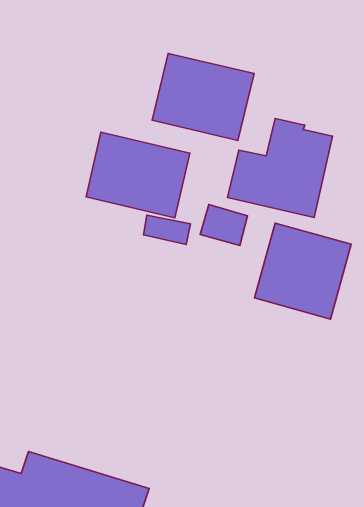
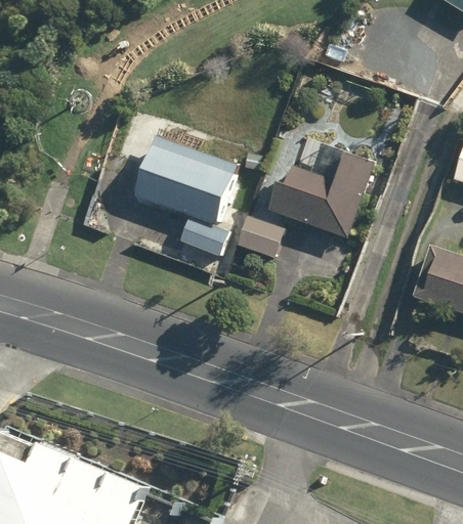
building: [152,53,254,140] -> none
building: [255,223,351,319] -> none

